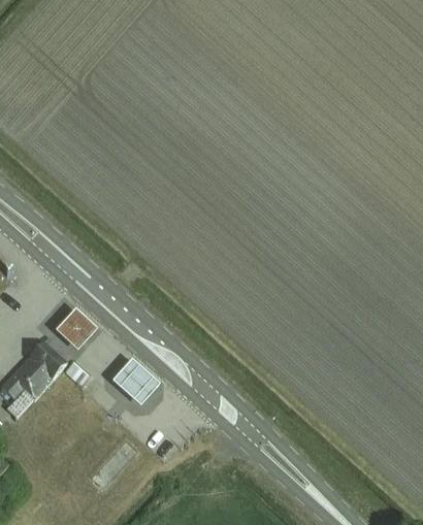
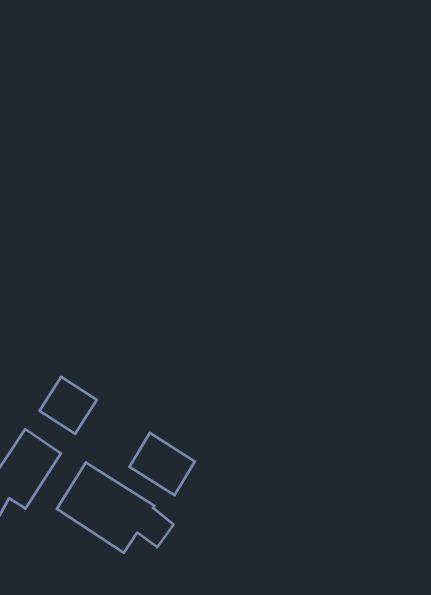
building: none -> [57,462,173,553]

